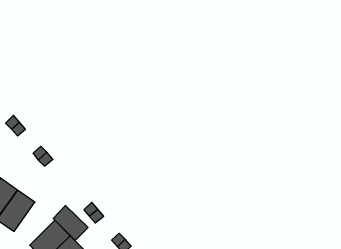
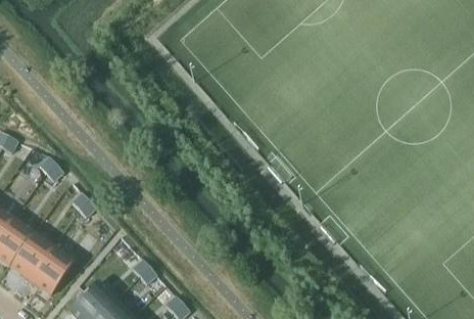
building: [53,205,88,240] -> none

